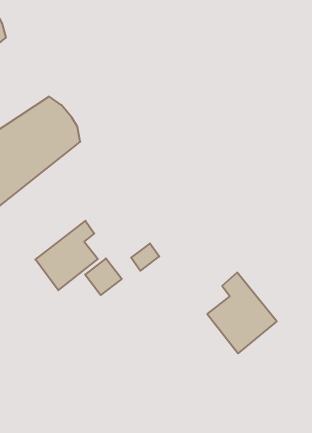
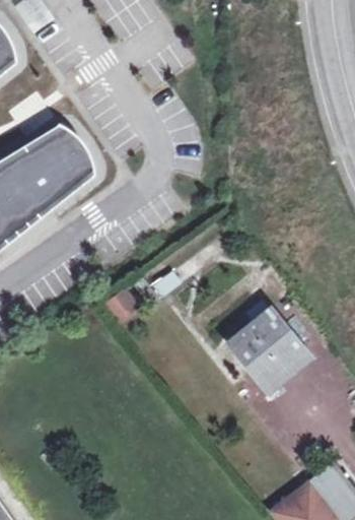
building: [35,221,98,290] -> none

